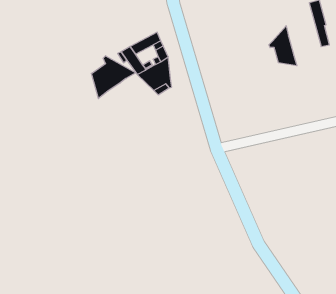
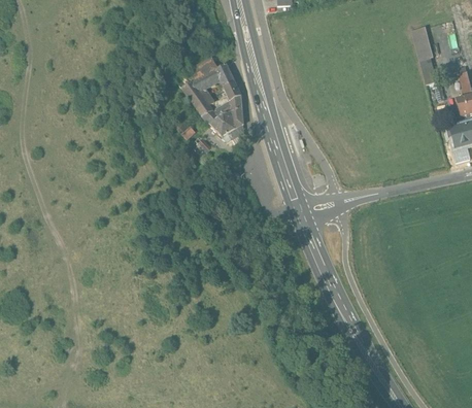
building: [269,26,297,66] -> none
building: [91,56,136,99] -> none

